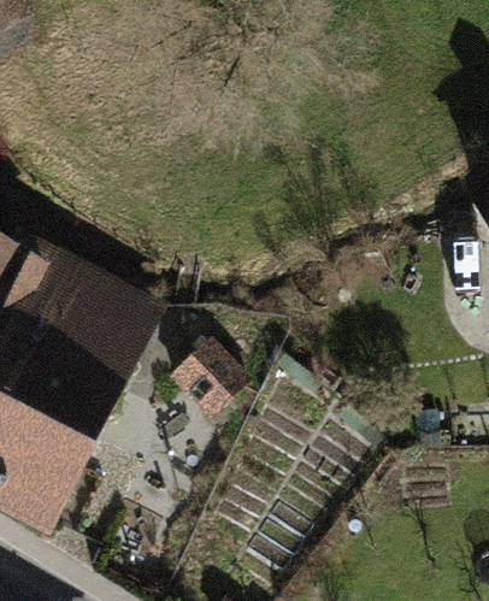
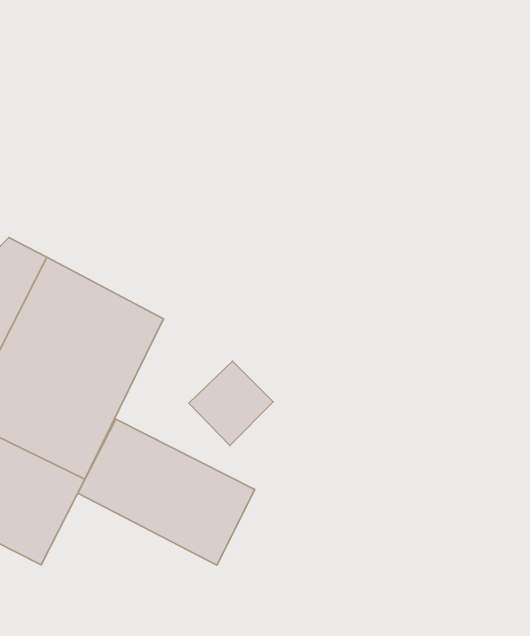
building: none -> [78,419,255,565]

